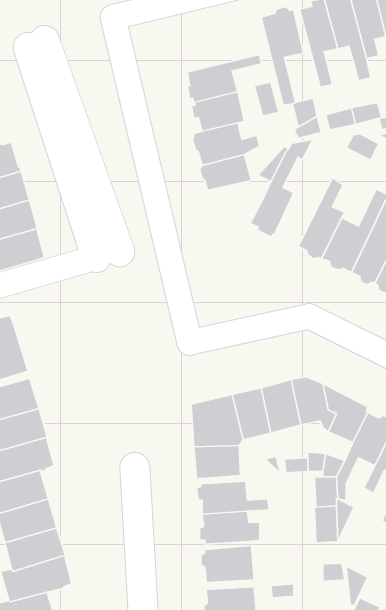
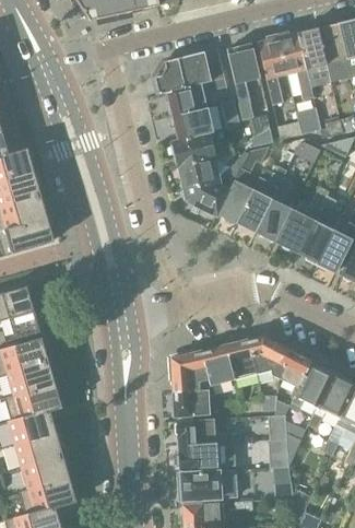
building: none -> [155,49,225,95]
building: none -> [237,162,288,232]
building: none -> [182,179,228,215]

